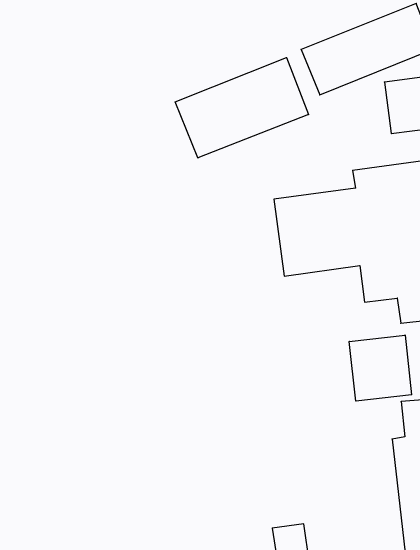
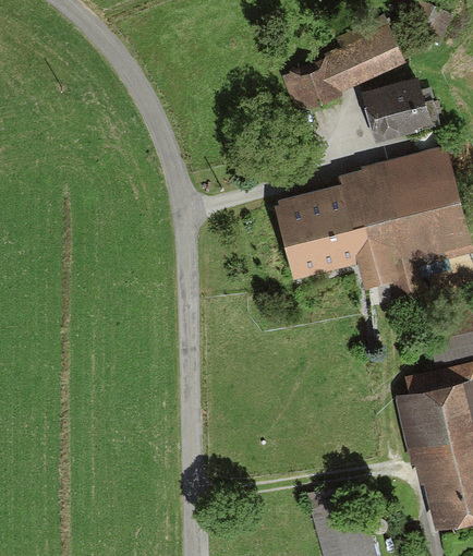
building: [175,58,309,158] -> none
building: [349,335,412,401] -> none

